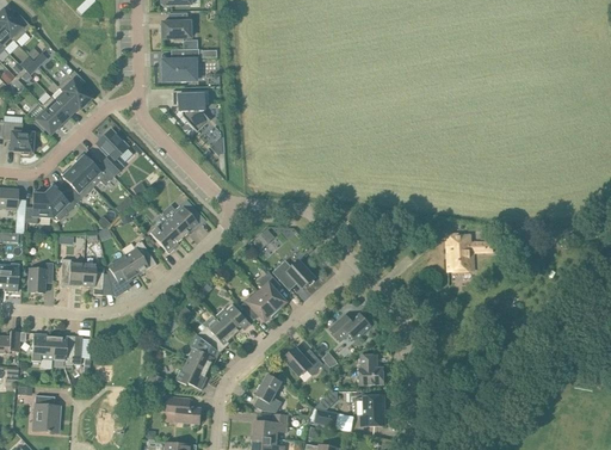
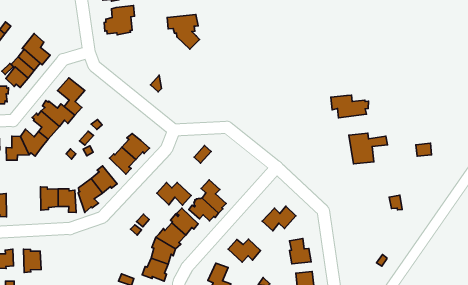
building: [172,90,209,131] -> [167,14,200,49]
building: none -> [331,95,368,118]
building: [273,259,315,289] -> [157,182,191,205]
building: [27,261,53,292] -> none
building: [53,334,82,364] -> none

